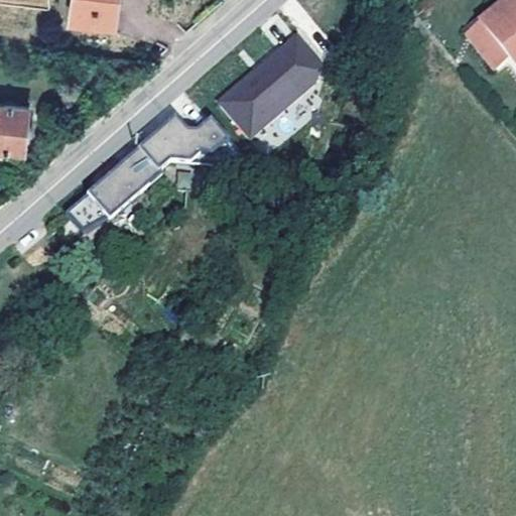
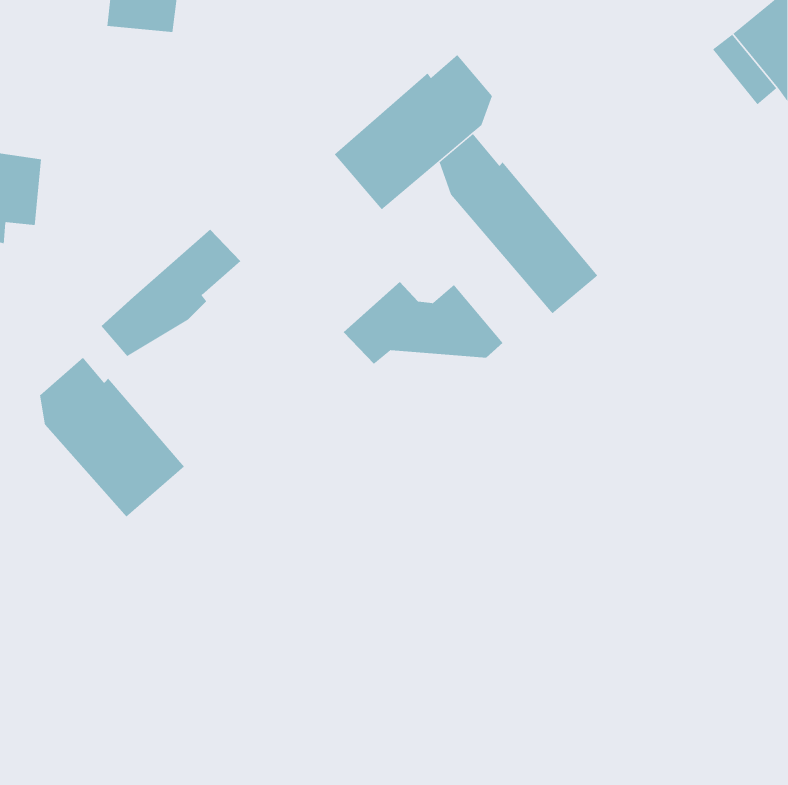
building: none -> [439,133,598,314]
building: [137,116,242,170] -> [343,281,504,364]
building: none -> [40,357,185,518]

